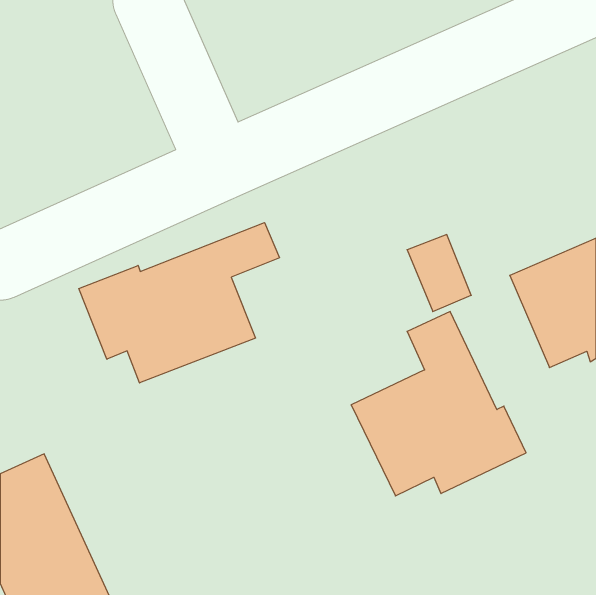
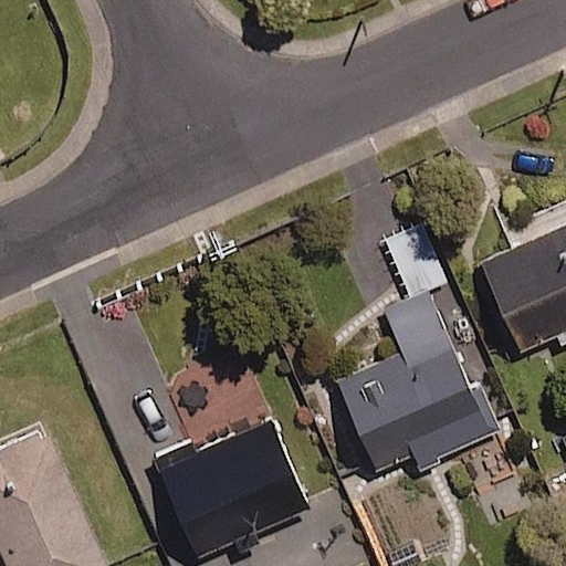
building: [79,223,279,383] -> none
building: none -> [157,419,306,554]

